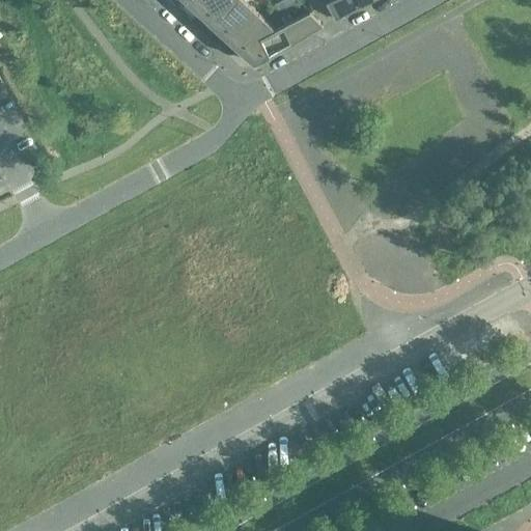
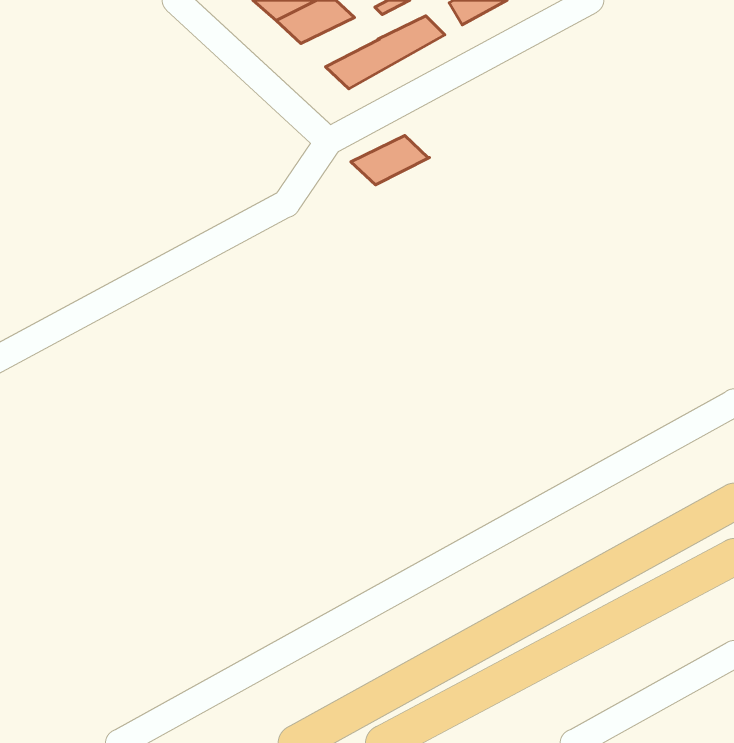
building: [215,12,271,48] -> [351,136,429,185]

